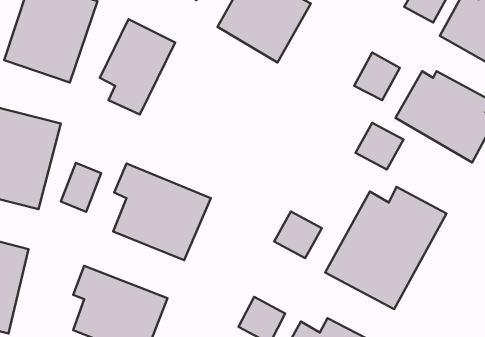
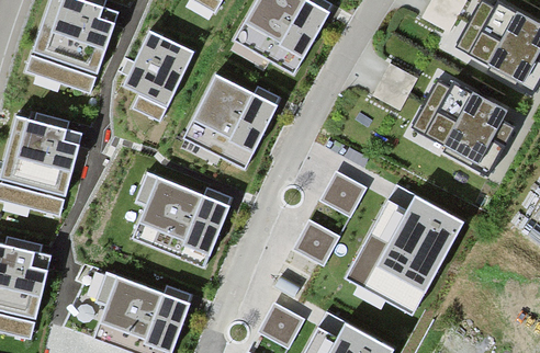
building: none -> [183,72,279,168]
building: [356,123,403,169] -> [320,170,368,216]
building: [61,163,101,212] -> none

